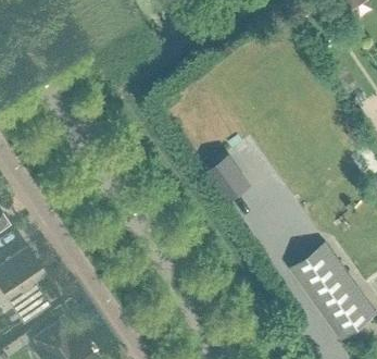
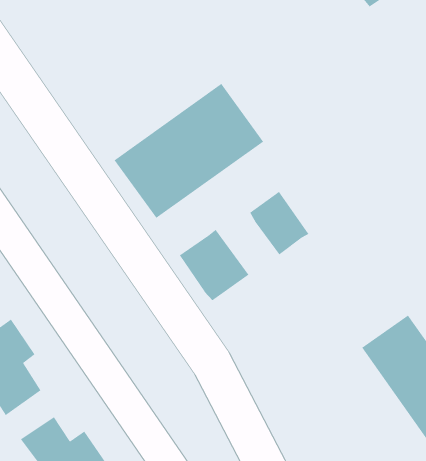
building: none -> [114,83,264,219]
building: none -> [179,229,249,301]

